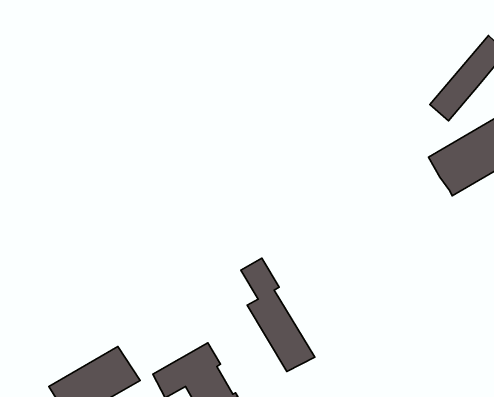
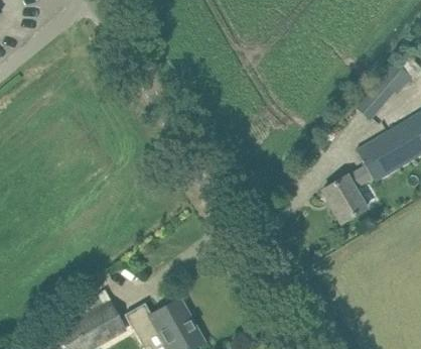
building: none -> [321,165,373,223]
building: [241,258,315,372] -> none

